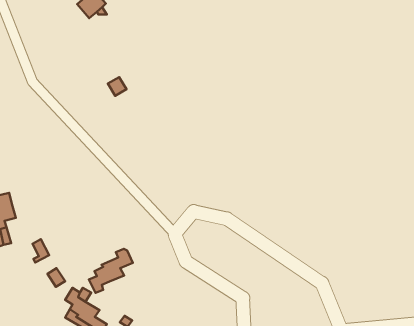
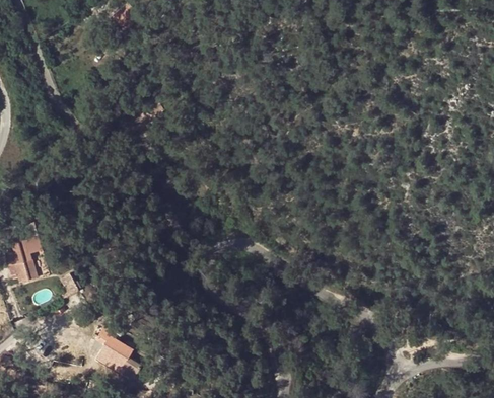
building: [89,249,133,293] -> none

